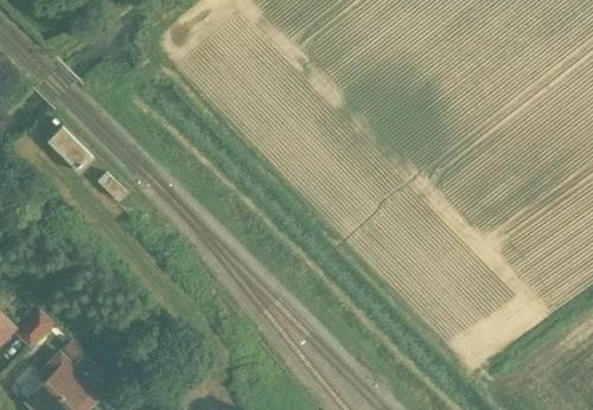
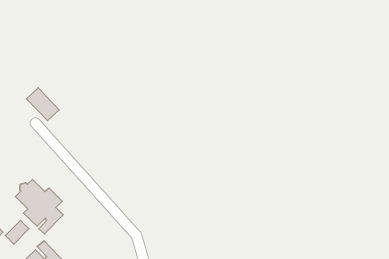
building: none -> [15,179,63,234]

